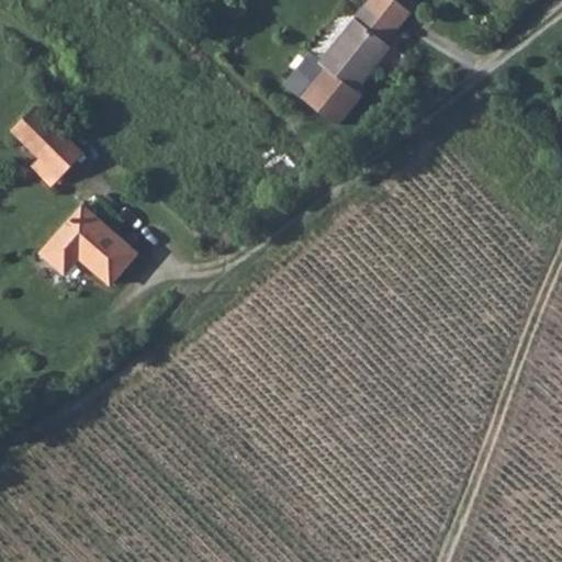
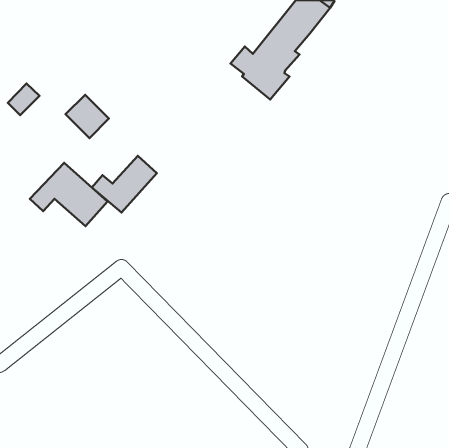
building: [25,122,79,176] -> [66,95,109,138]
building: none -> [92,156,157,212]

